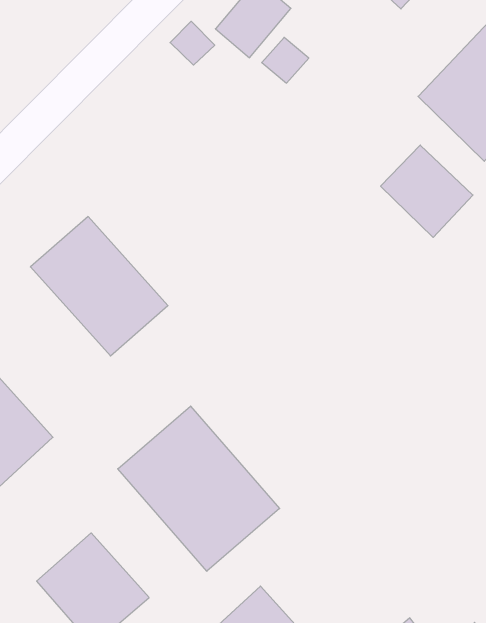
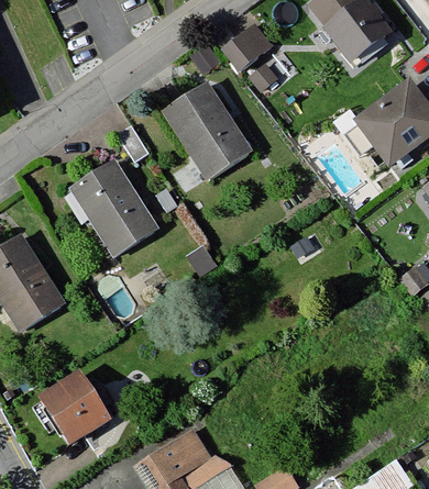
building: none -> [165,86,255,184]
building: [381,145,473,237] -> none
building: [118,406,280,571] -> none

